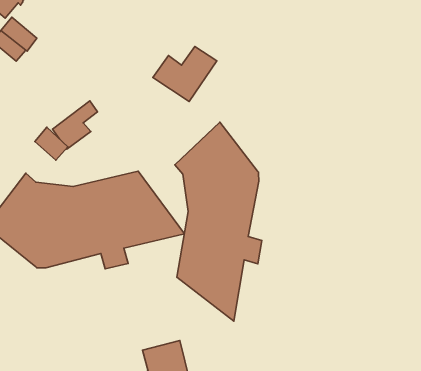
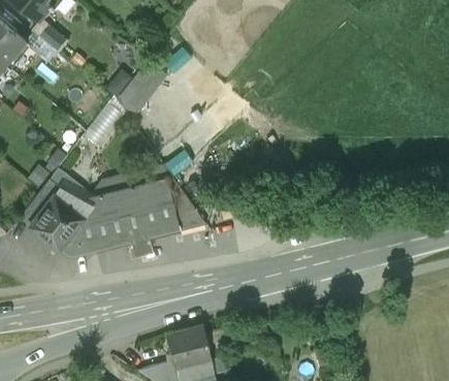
building: [153,47,217,102] -> [105,60,165,112]
building: [175,122,262,321] -> none

